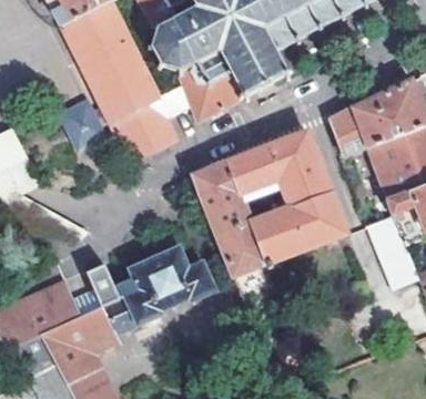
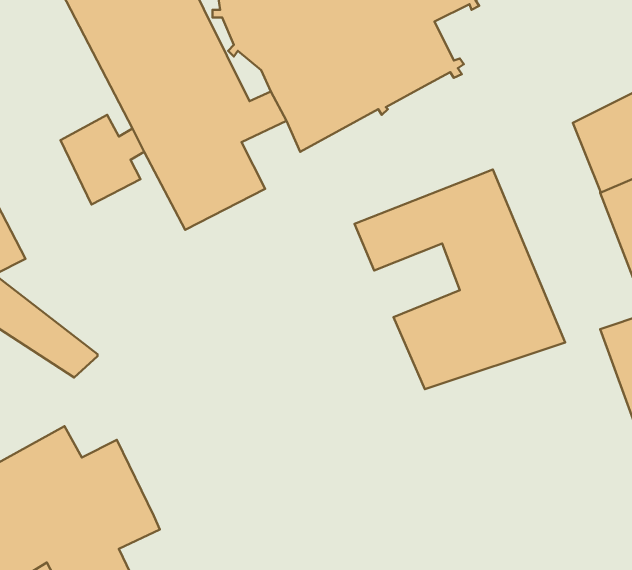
building: [331,108,368,156] -> none
building: [195,165,268,272] -> none
building: [84,241,213,331] -> none

